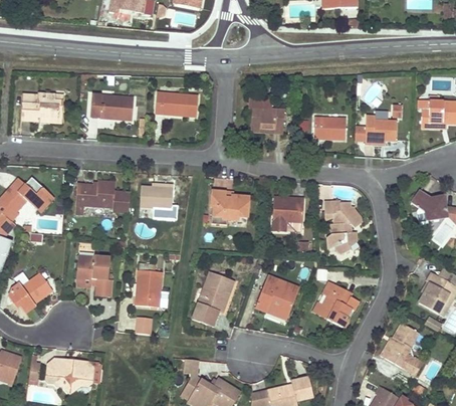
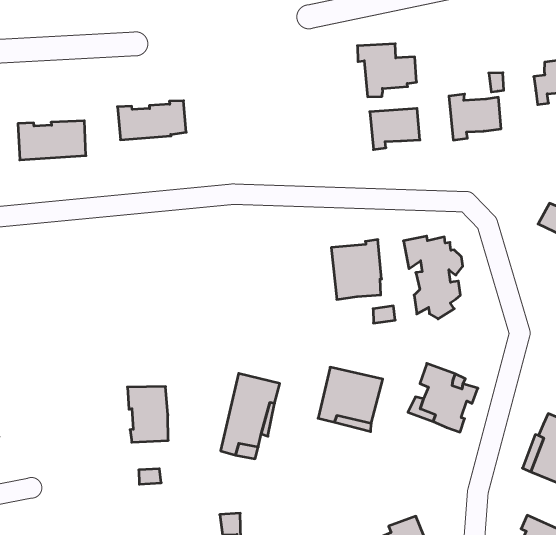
building: [247,97,283,132] -> [357,44,417,97]
building: [75,181,130,213] -> none
building: [139,185,173,214] -> none
building: [212,190,250,224] -> none
building: [76,255,112,296] -> none

